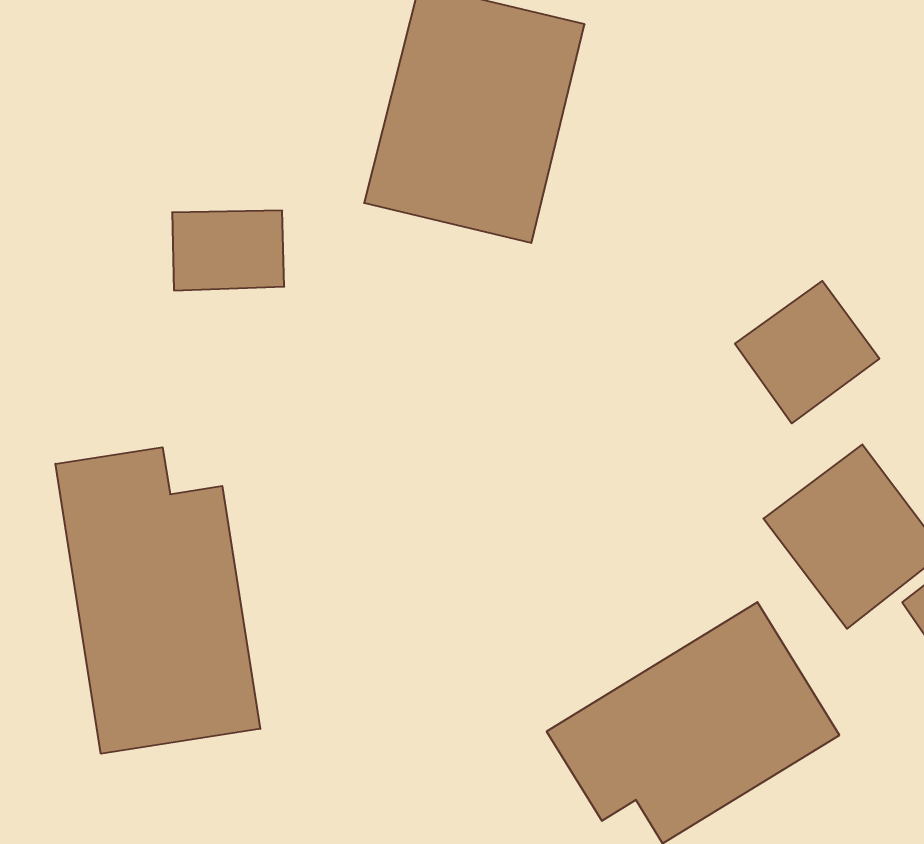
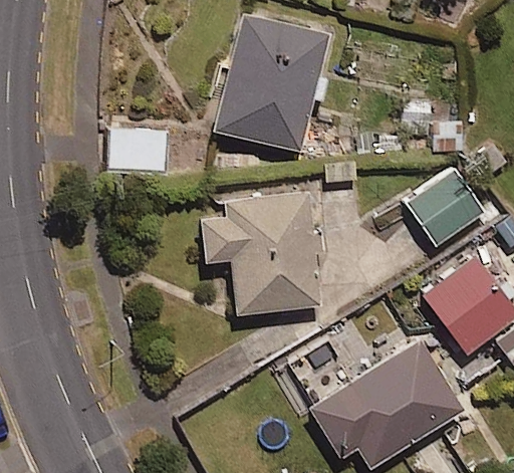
building: none -> [200,190,325,318]
building: [55,447,260,754] -> none

